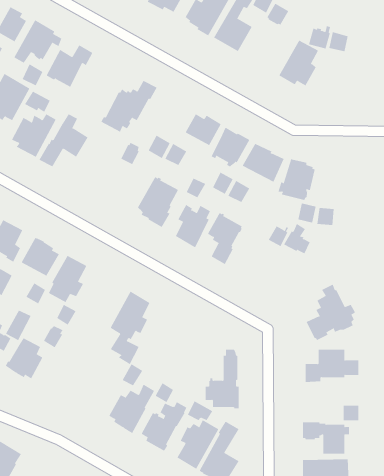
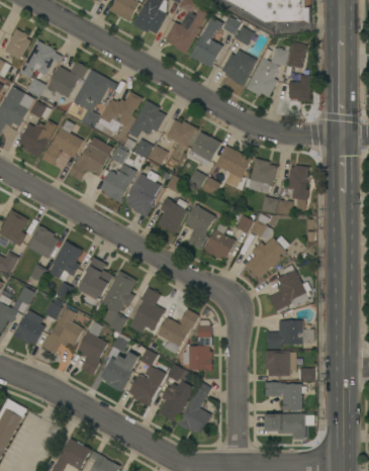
building: none -> [220,50,256,86]
building: none -> [72,69,117,128]
building: none -> [288,76,309,102]
building: none -> [127,100,165,138]
building: none -> [68,137,112,181]
building: none -> [99,164,135,203]
building: none -> [287,165,309,209]
building: none -> [202,222,235,259]
building: none -> [245,236,288,280]
building: none -> [78,257,112,301]
building: none -> [128,287,164,334]
building: none -> [40,307,83,354]
building: none -> [157,308,198,354]
building: none -> [77,321,108,376]
building: none -> [264,351,295,376]

